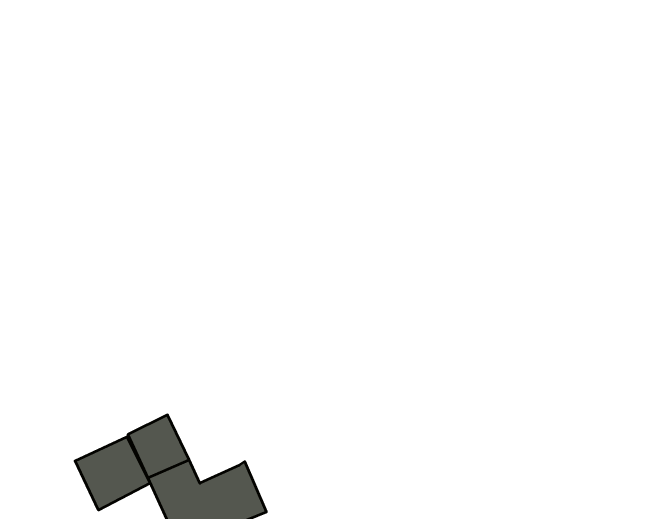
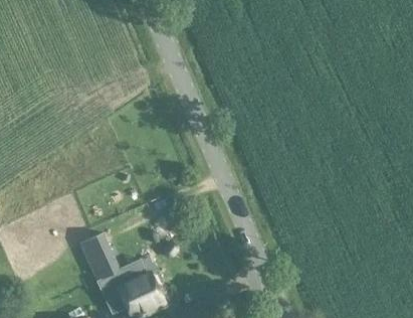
building: [75,437,150,510] -> none

